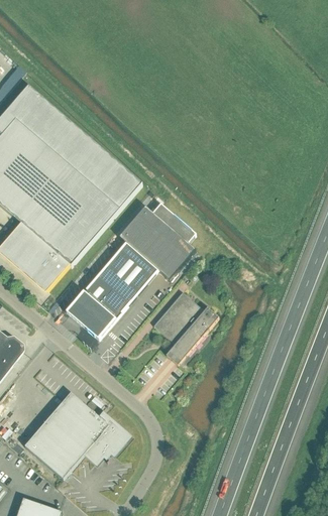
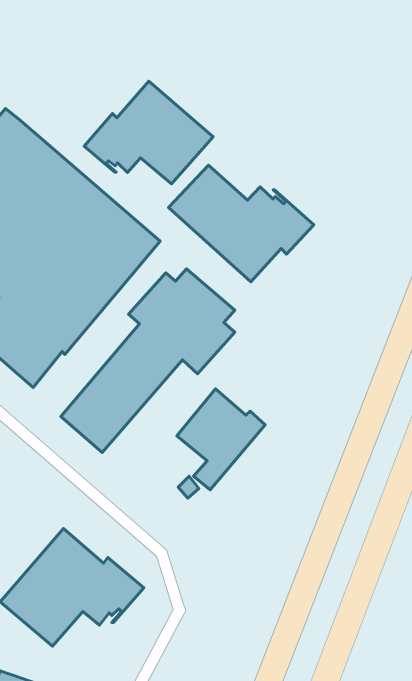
building: none -> [84,81,213,184]
building: none -> [169,165,314,282]

